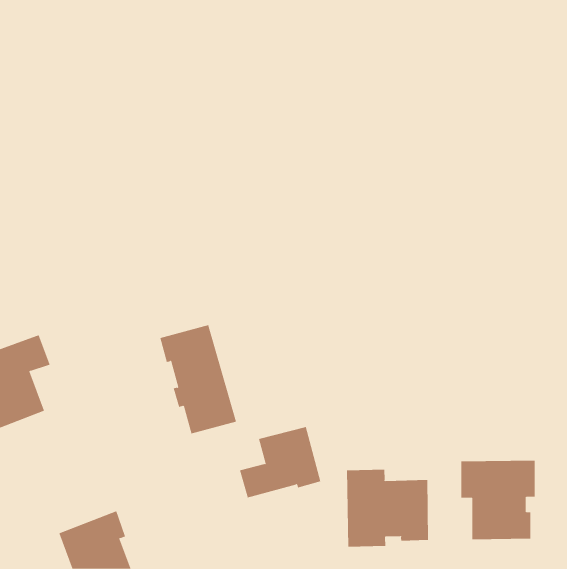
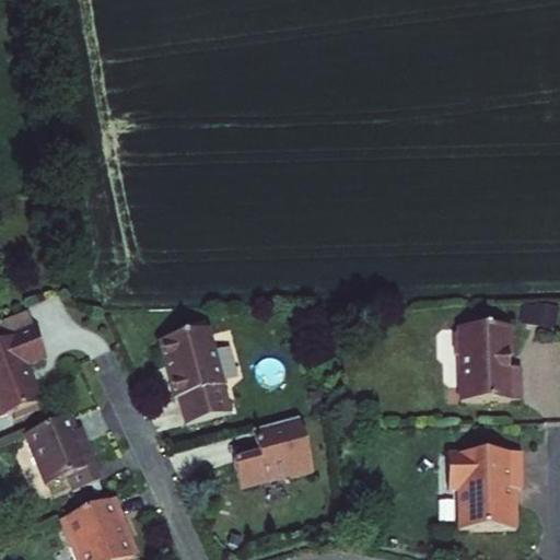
building: none -> [455,322,522,396]
building: none -> [28,415,102,488]
building: [347,469,428,548] -> none

